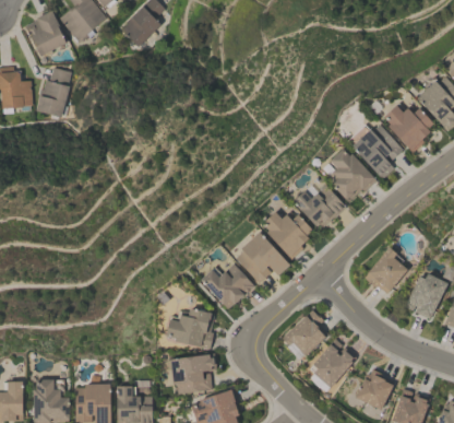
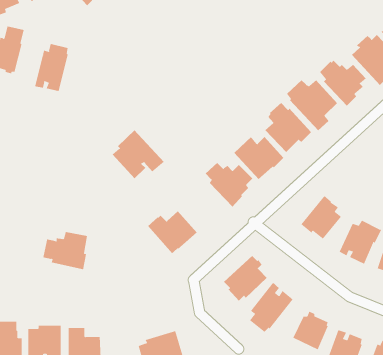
building: none -> [35,43,69,92]
building: [235,231,290,283] -> [112,130,165,179]
building: [166,308,214,349] -> [42,232,88,270]
building: [169,353,216,393] -> none

